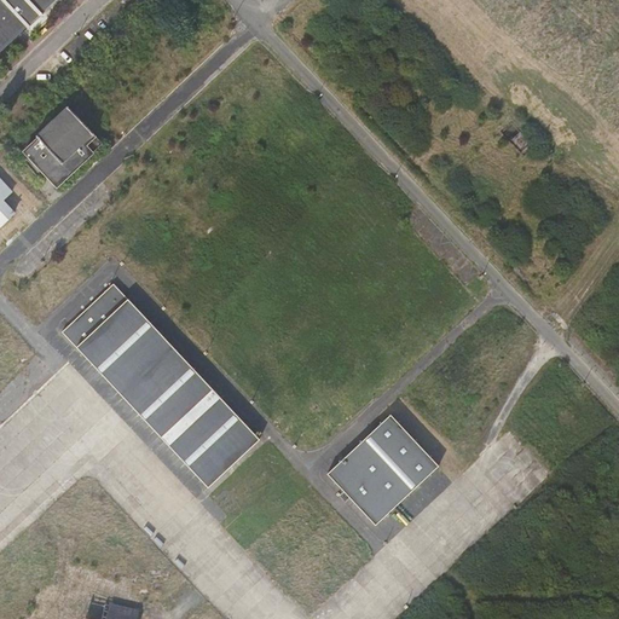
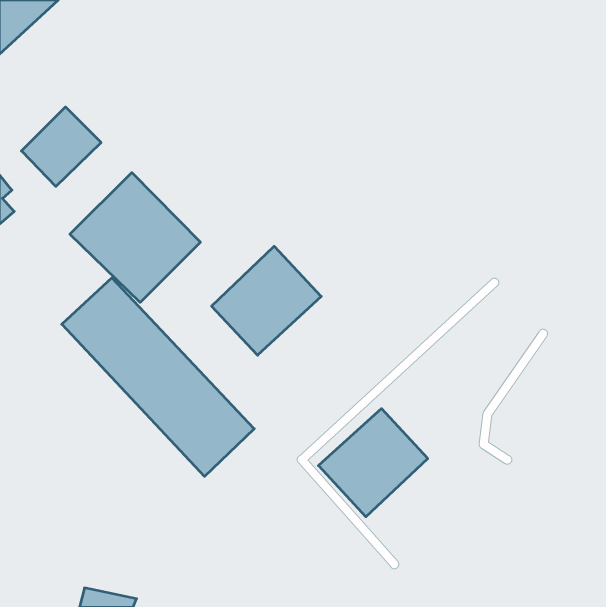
building: none -> [70,173,200,302]
building: none -> [212,246,321,355]

